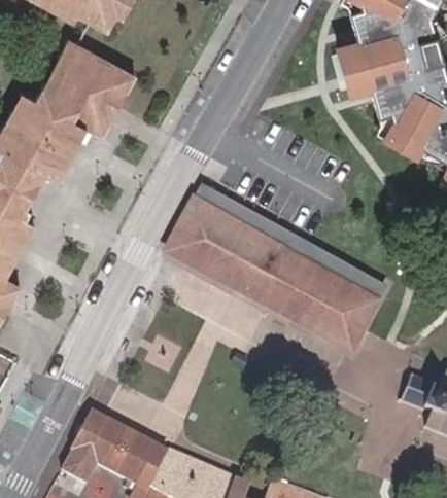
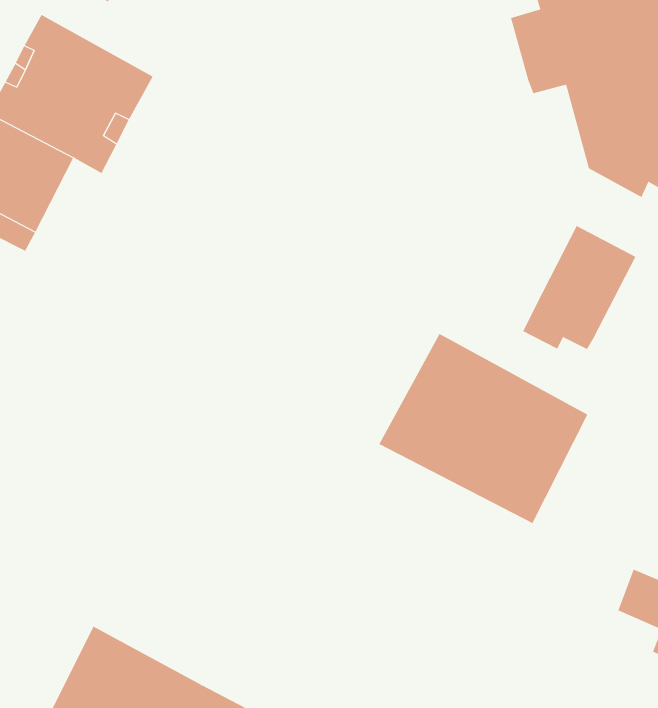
building: none -> [523,225,636,350]
building: [167,185,297,300] -> none

